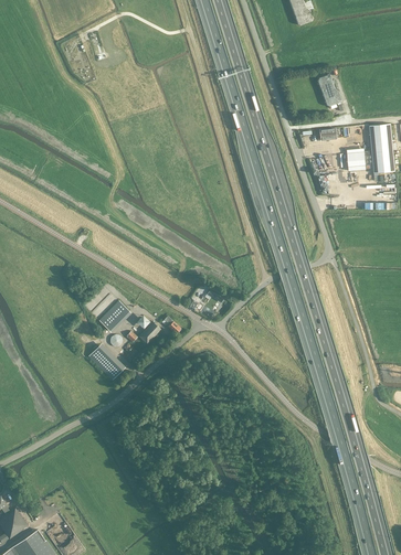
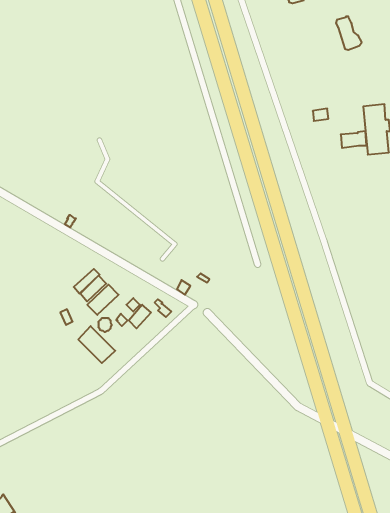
building: [316,74,341,107] -> [336,16,362,50]

